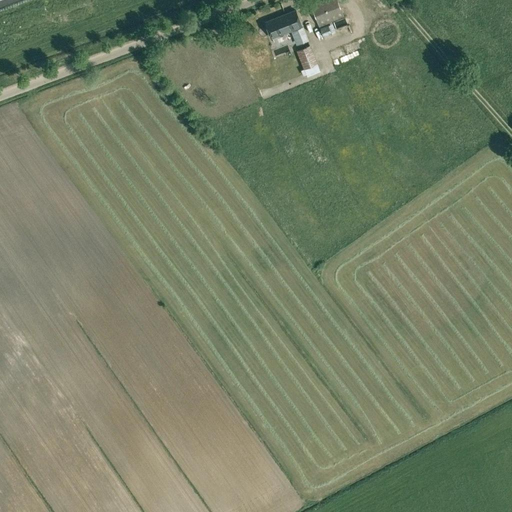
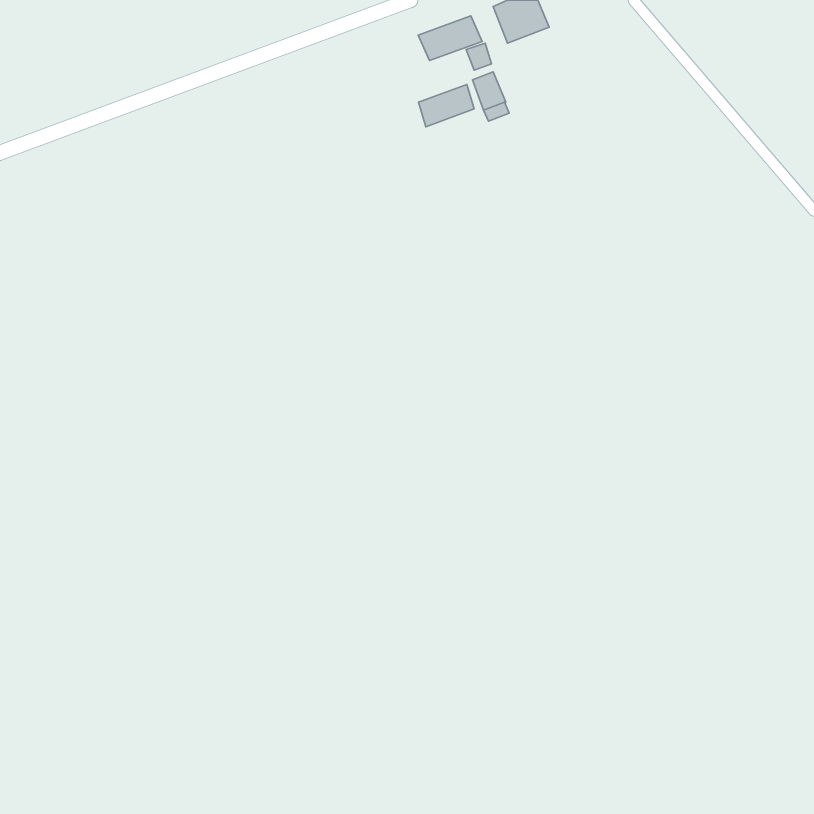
building: none -> [419,84,474,127]

